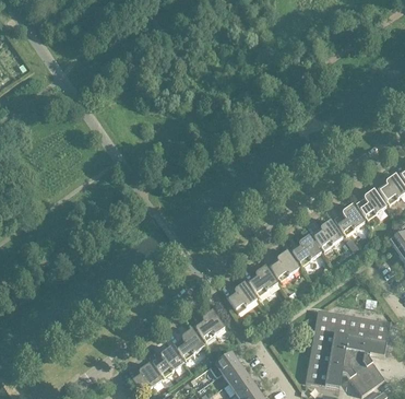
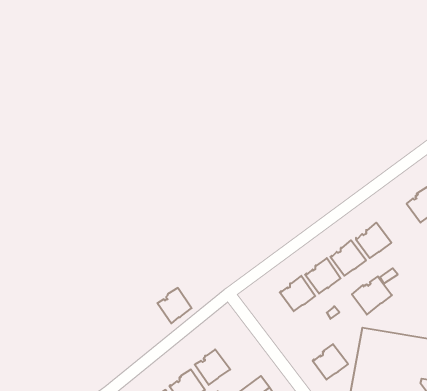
building: [334,203,365,234] -> none
building: none -> [352,276,392,315]
building: [226,281,257,312] -> [313,344,348,380]
building: [194,309,224,340] -> [157,288,192,323]

